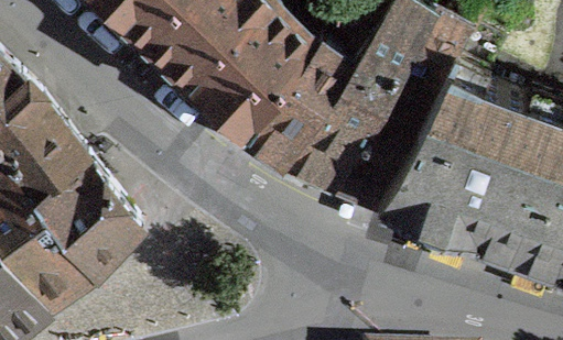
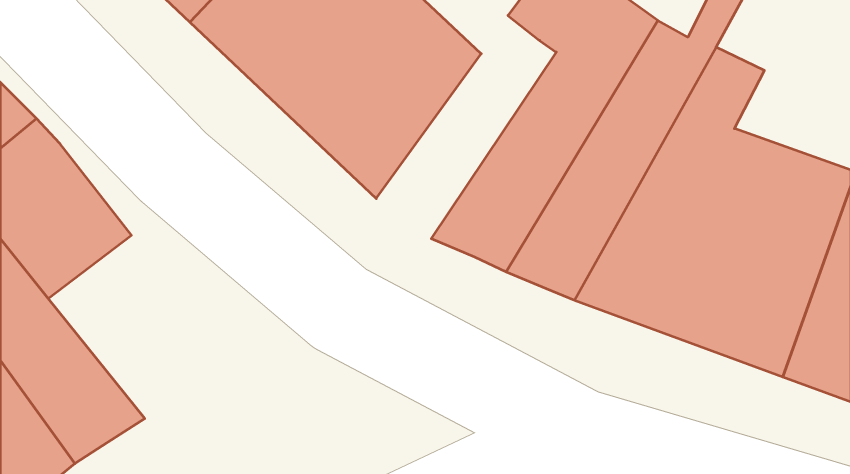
building: [249,30,368,161] -> none
building: [32,158,143,279] -> none

